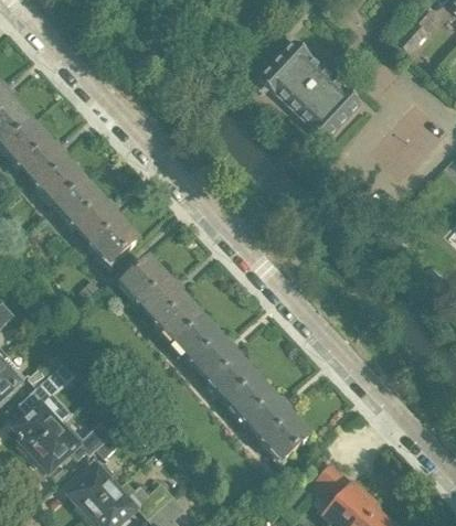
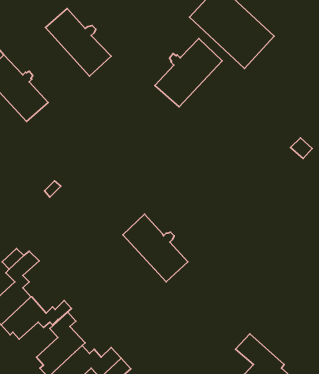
building: none -> [155,38,222,107]
building: [57,181,138,264] -> [45,9,111,76]
building: [121,259,202,343] -> none
building: [229,376,309,460] -> none

